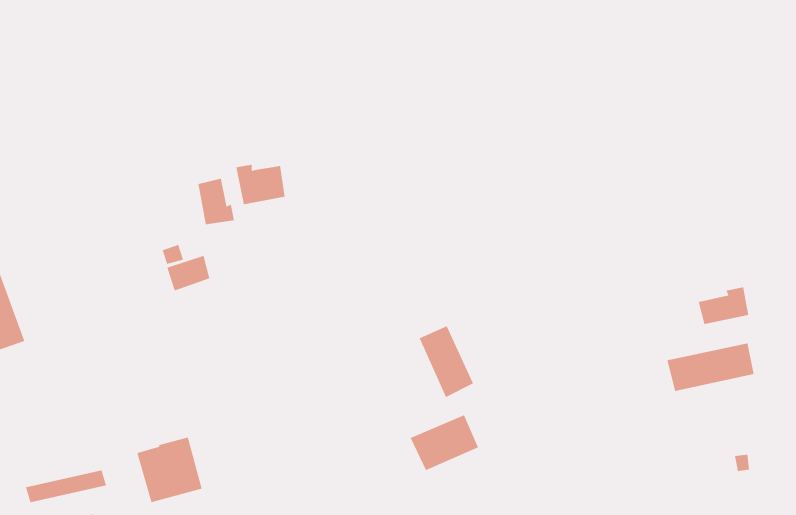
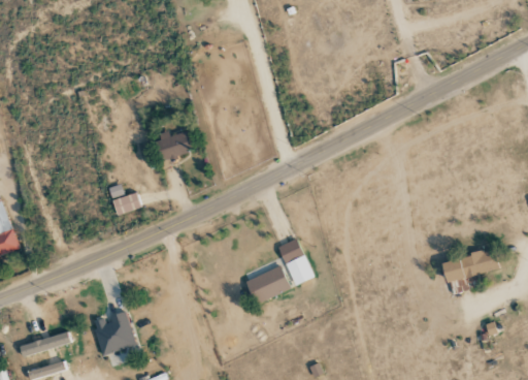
building: [198,178,234,225] -> none
building: [698,286,749,325] -> none
building: [410,414,479,471] -> [244,266,290,304]

